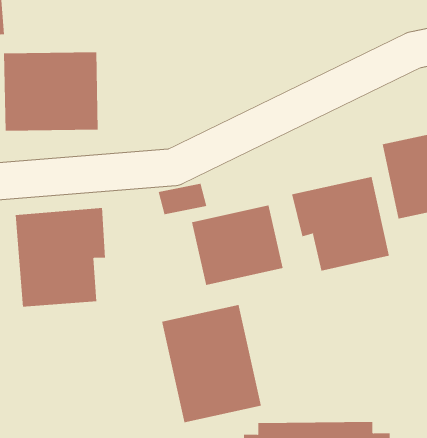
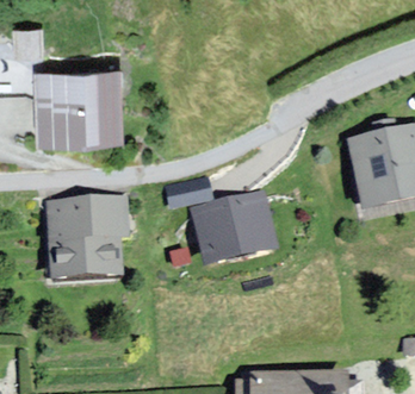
building: [292,176,390,271] -> none
building: [161,304,261,423] -> none

